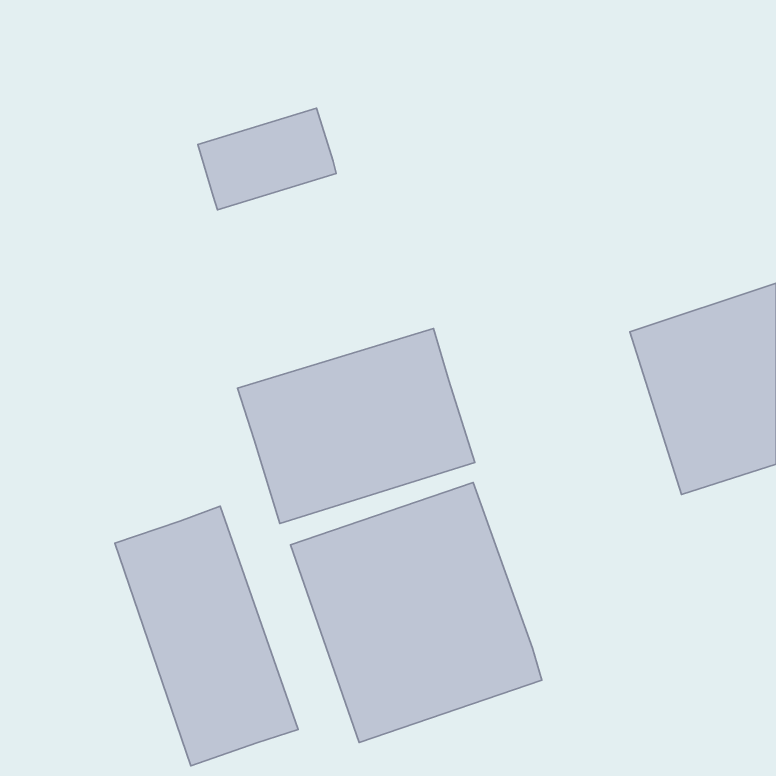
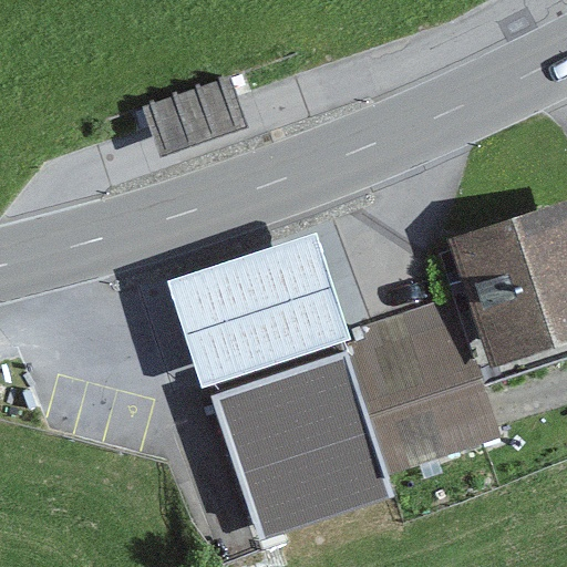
building: none -> [344,298,495,472]
building: [115,506,298,766] -> none

